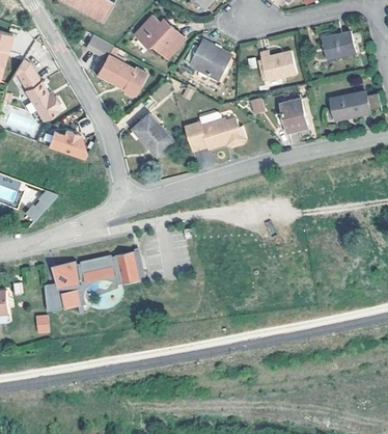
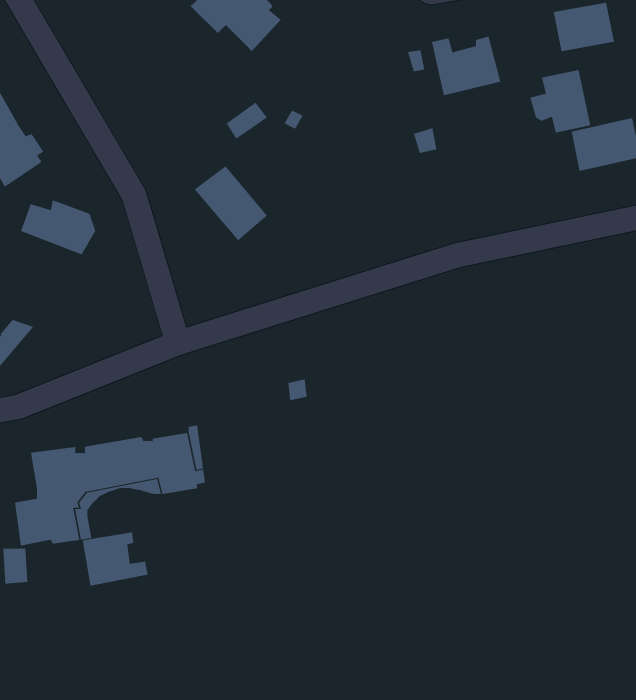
building: [85,34,146,94] -> none
building: [189,40,229,76] -> none
building: [274,98,306,131] -> [529,70,591,133]
building: [187,112,249,152] -> none
building: none -> [82,532,148,586]

